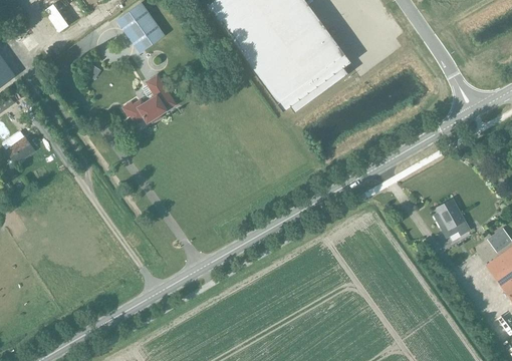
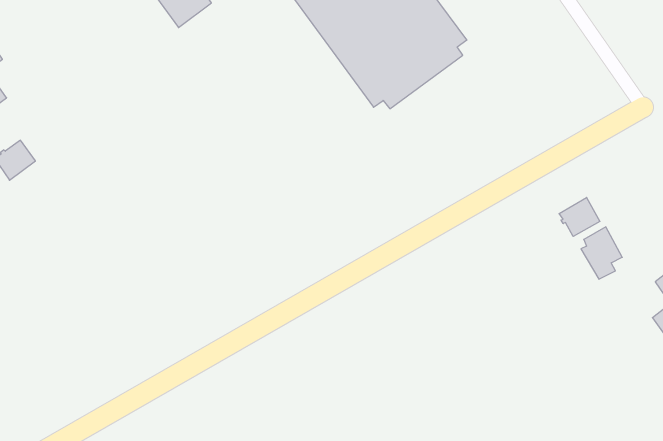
building: [127,77,174,122] -> none
building: none -> [559,197,600,236]

